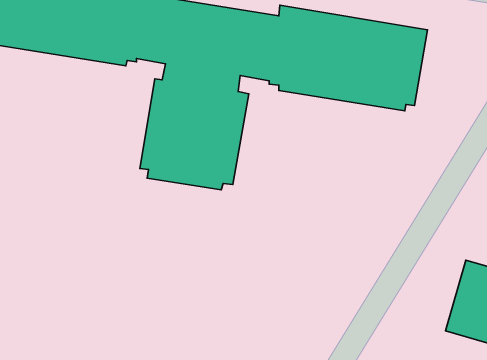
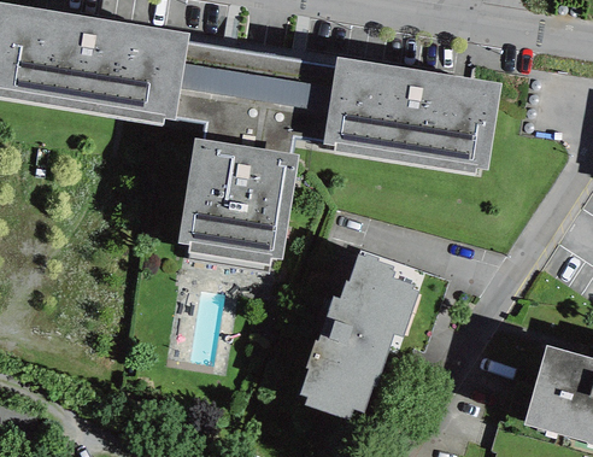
building: none -> [299,253,418,420]

